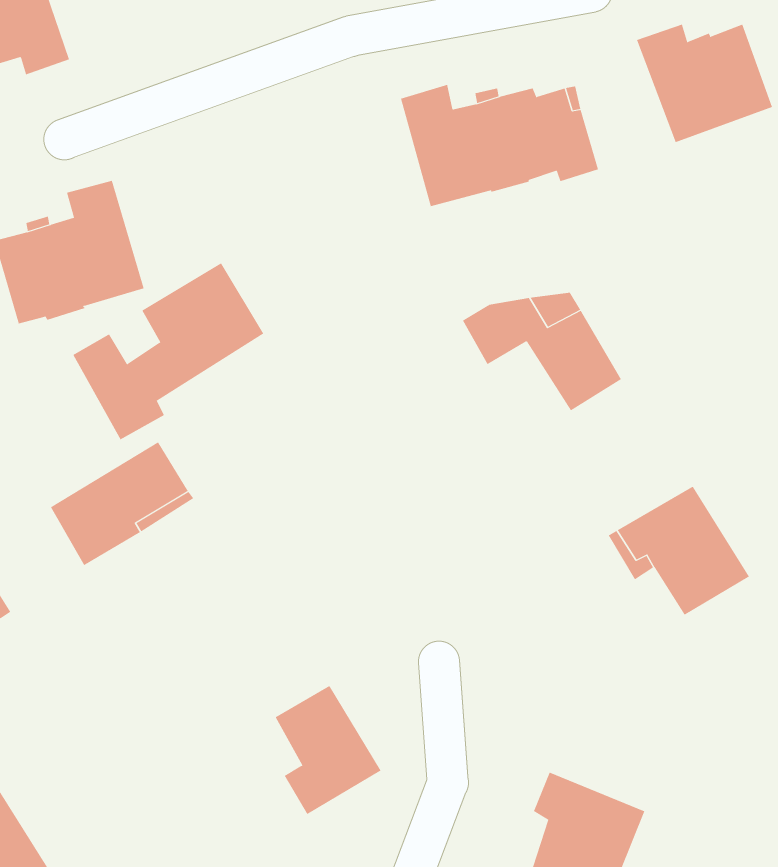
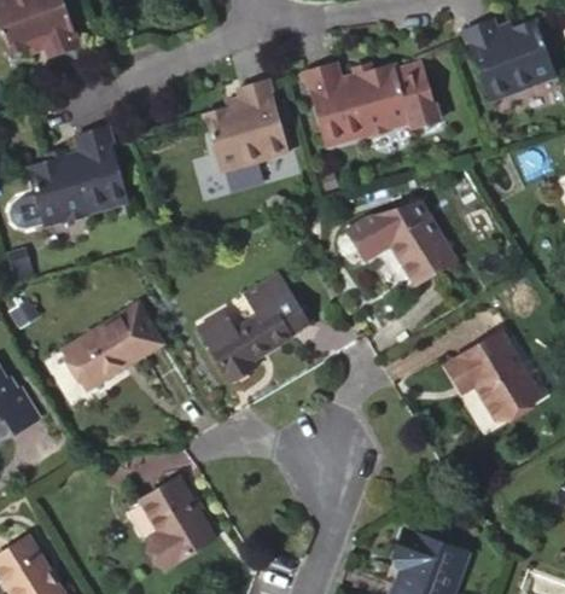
building: none -> [202,78,287,170]
building: [72,262,264,440] -> [198,263,328,384]
building: [275,685,381,815] -> [144,479,216,567]

